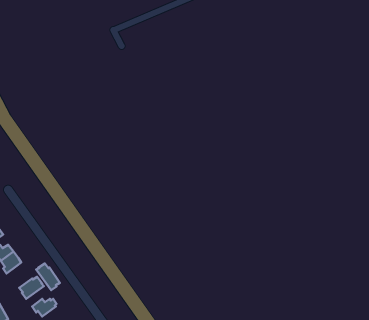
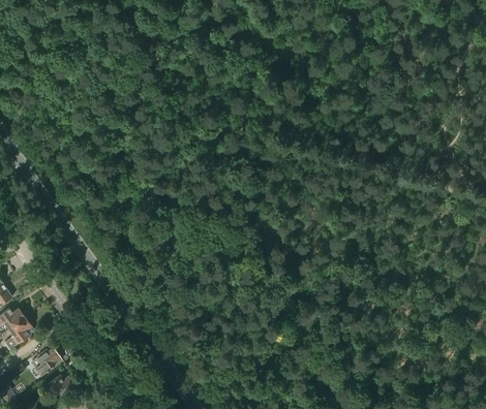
building: [36,264,60,290] -> none

